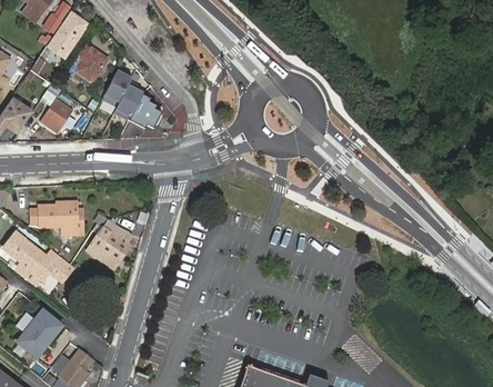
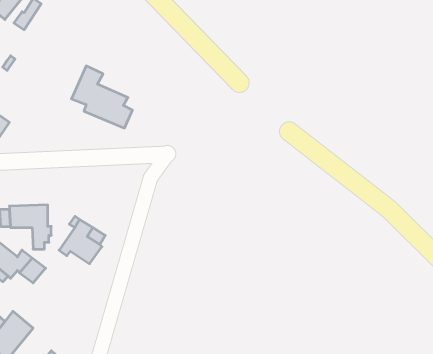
building: [48,16,85,59] -> none
building: [67,47,108,88] -> none
building: [42,100,71,132] -> none

